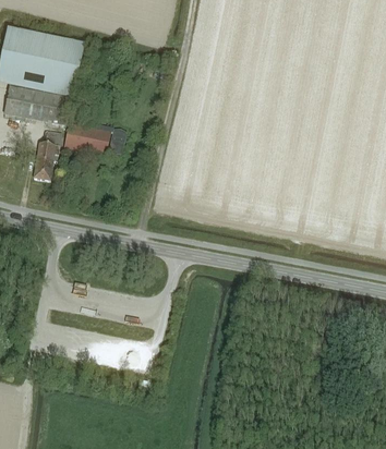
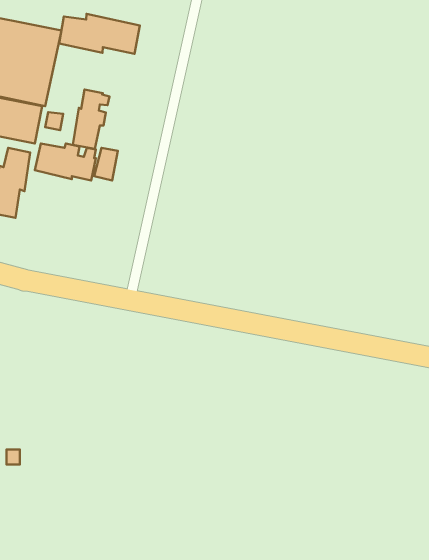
building: none -> [59,14,140,54]
building: none -> [73,90,109,149]

